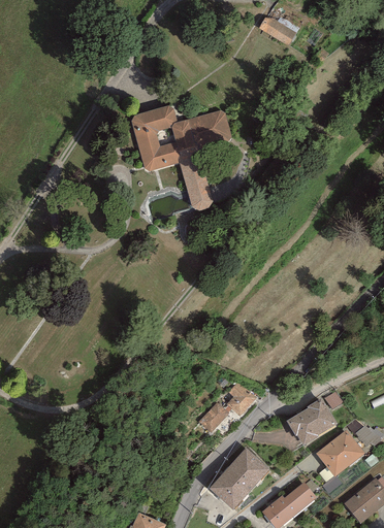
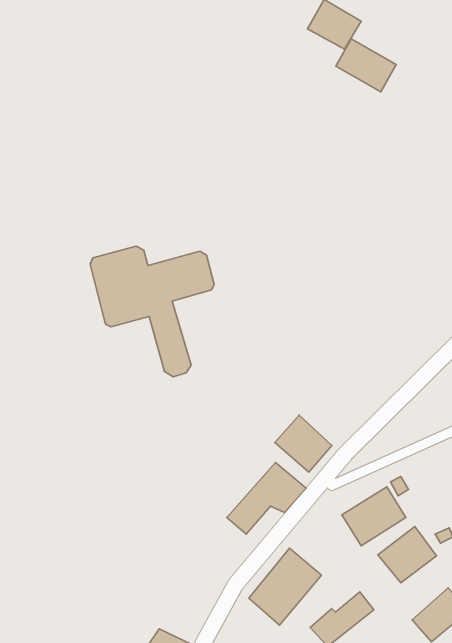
building: none -> [336,39,396,92]
building: [131,105,231,210] -> [90,246,214,377]
building: none -> [275,415,332,472]

